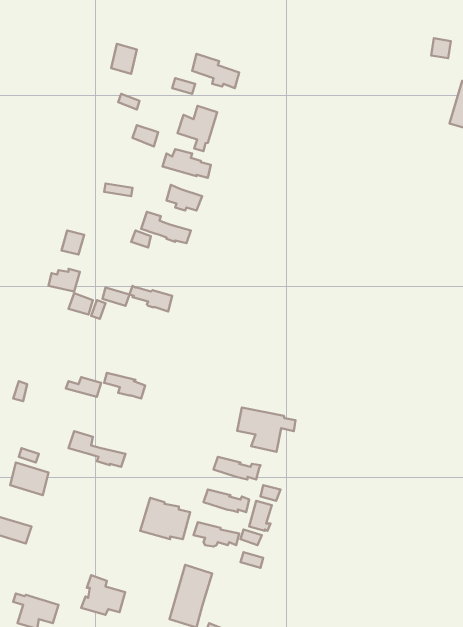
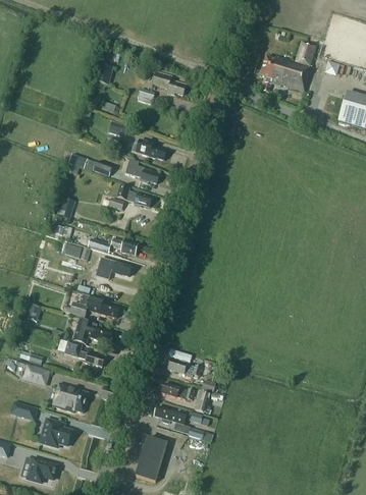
building: none -> [260,42,315,91]
building: [177,106,217,151] -> none
building: none -> [95,257,130,280]
building: none -> [72,320,111,344]
building: [237,407,296,452] -> none
building: [140,498,190,539] -> [53,383,89,413]
building: [81,575,125,615] -> [39,419,70,447]

